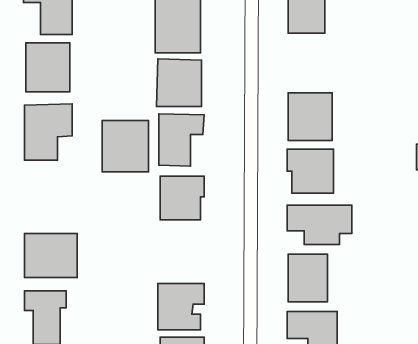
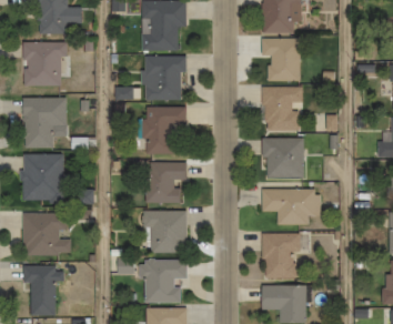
building: none -> [262,39,301,81]
building: [102,121,149,172] -> [22,153,64,200]
building: none -> [143,211,187,252]

